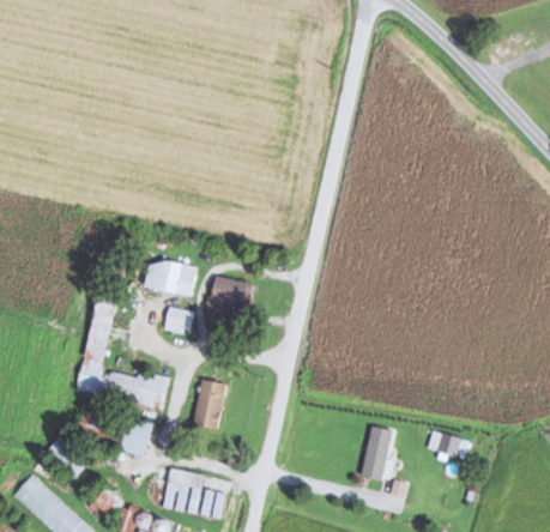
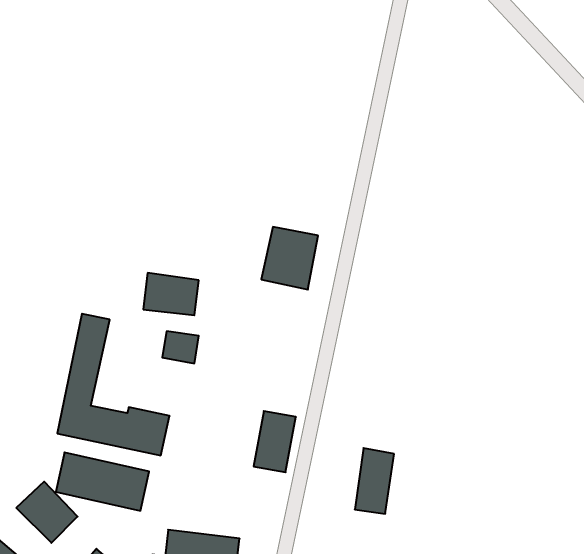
building: [204,274,250,326] -> [261,227,318,290]
building: [193,379,228,429] -> [254,411,296,472]
building: [359,425,392,479] -> [355,448,394,514]
building: [425,429,469,459] -> none

